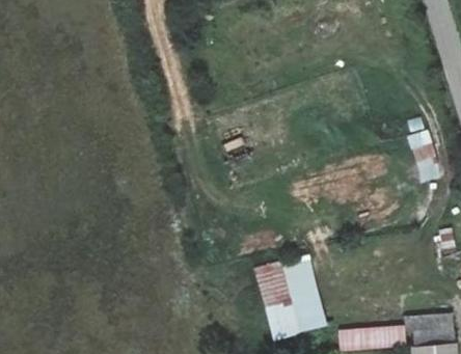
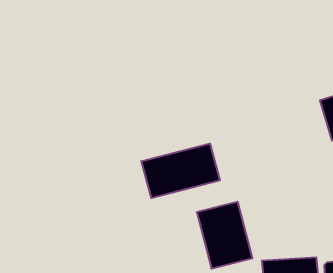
building: none -> [141,144,220,198]

